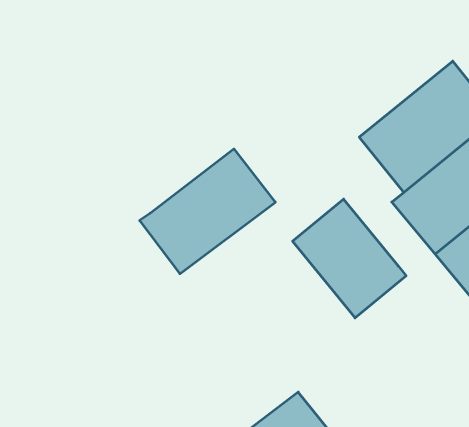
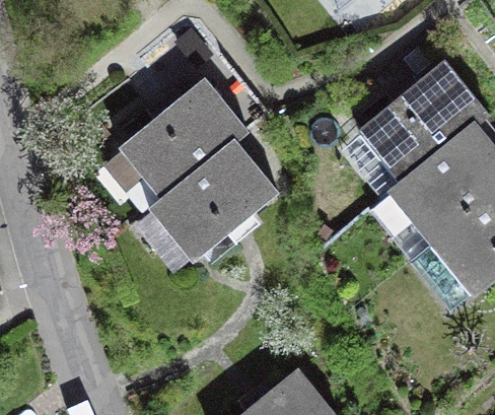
building: none -> [119,81,249,204]
building: [293,199,406,318] -> none

